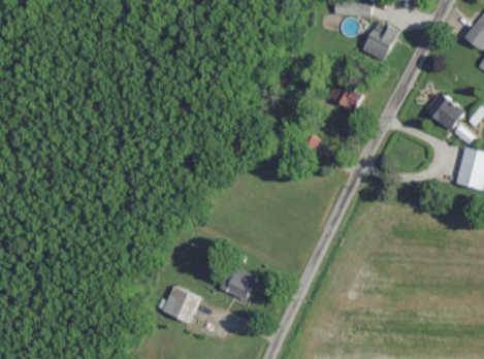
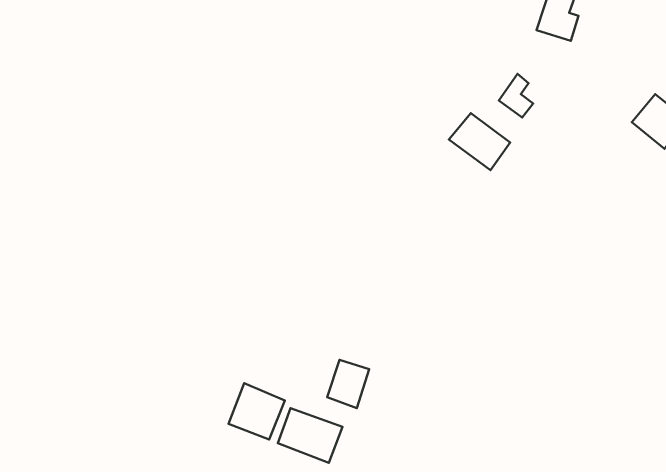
building: none -> [449,113,510,170]
building: none -> [278,408,343,463]

